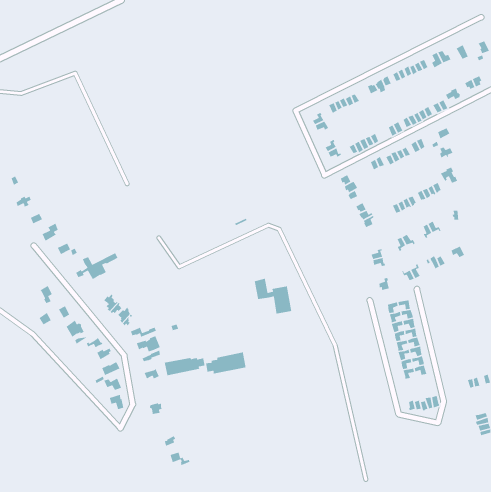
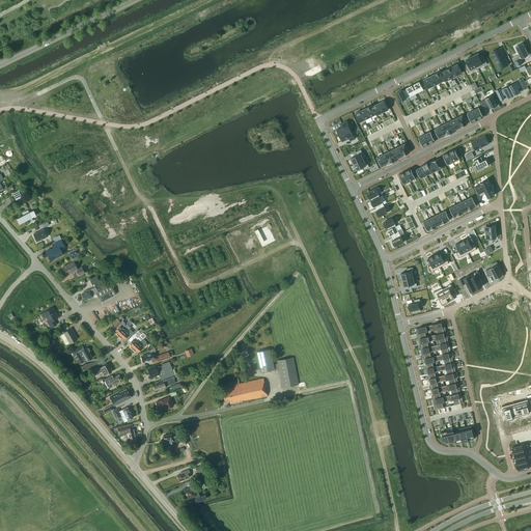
building: [254,278,292,314] -> [256,348,298,388]
building: [164,357,205,376] -> none

